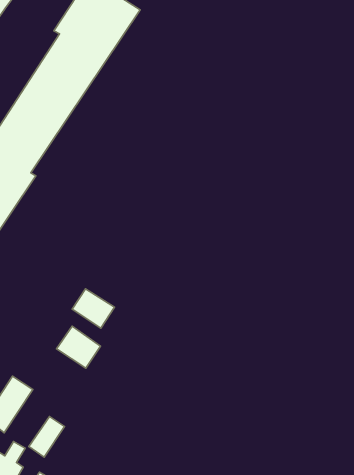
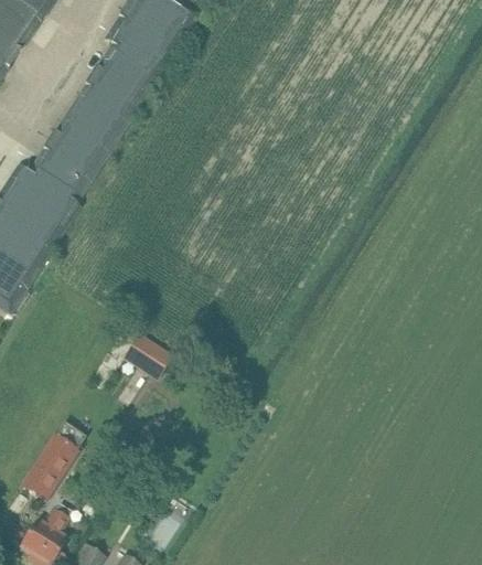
building: [57,326,100,368] -> none
building: [29,416,65,457] -> none

